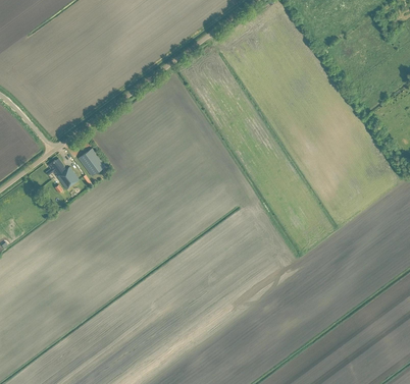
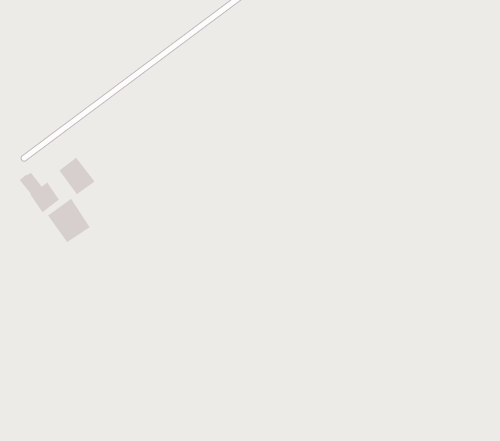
building: none -> [47,198,90,243]

